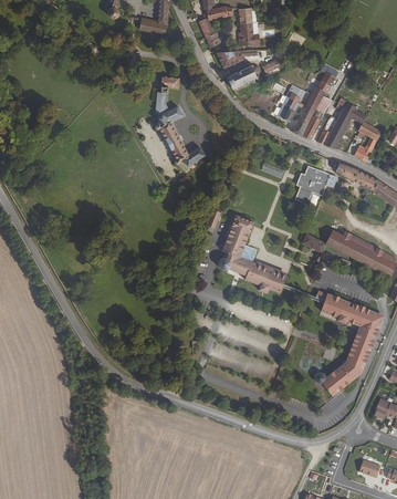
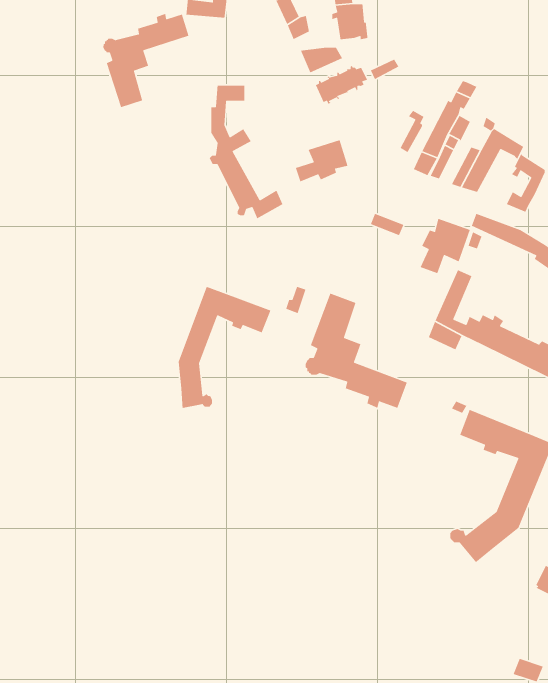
building: none -> [103,13,190,108]
building: none -> [295,139,349,182]
building: none -> [178,286,271,409]

